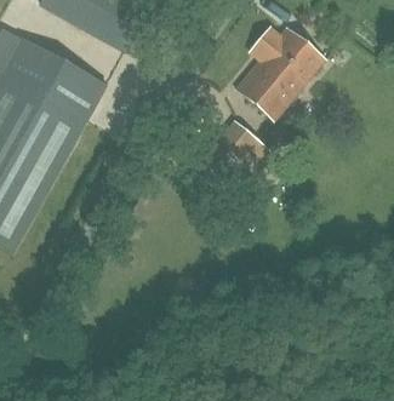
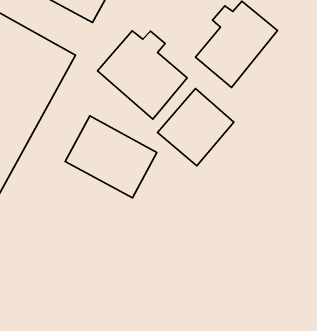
building: none -> [97,31,187,119]
building: none -> [65,116,157,198]

